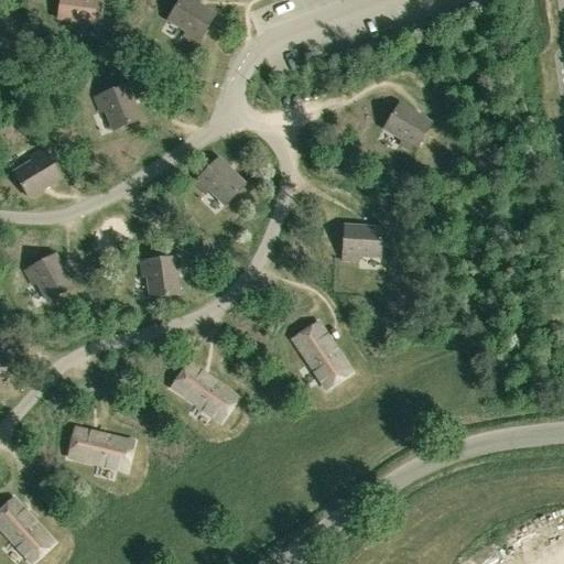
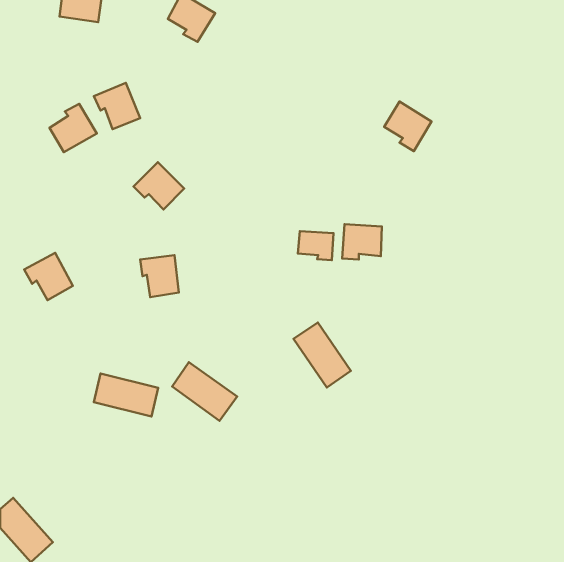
building: [13,147,61,195] -> [49,104,97,152]
building: [194,156,245,204] -> [134,162,184,210]
building: none -> [298,231,333,260]
building: [68,426,132,469] -> [94,373,158,416]

